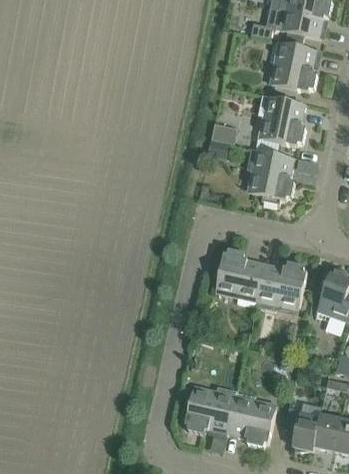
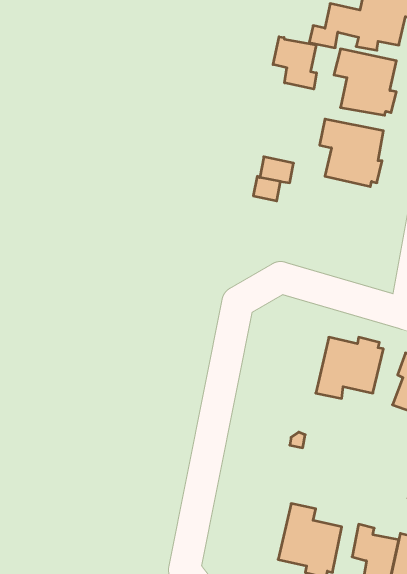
building: none -> [273,37,316,89]
building: [247,149,294,203] -> none
building: [213,249,265,305] -> none
building: [181,386,236,433] -> none

